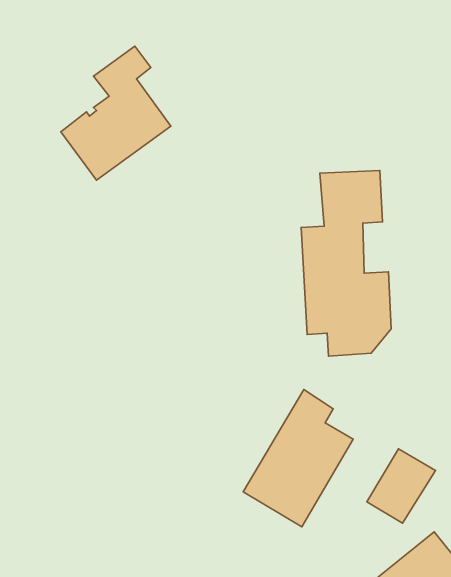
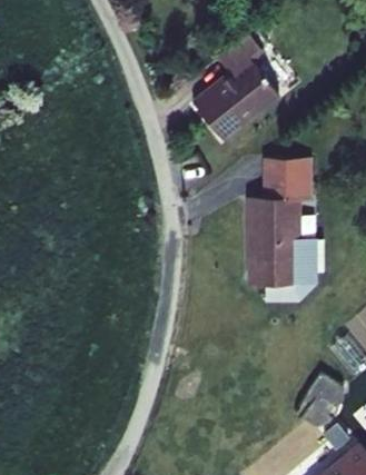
building: [61,46,171,180] -> [188,36,274,140]
building: [243,390,353,527] -> none

